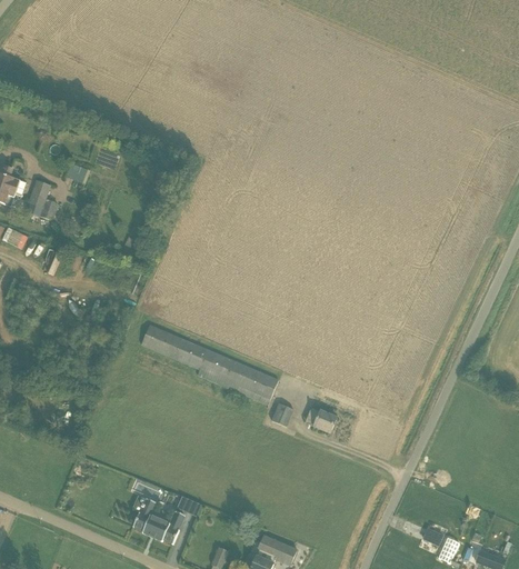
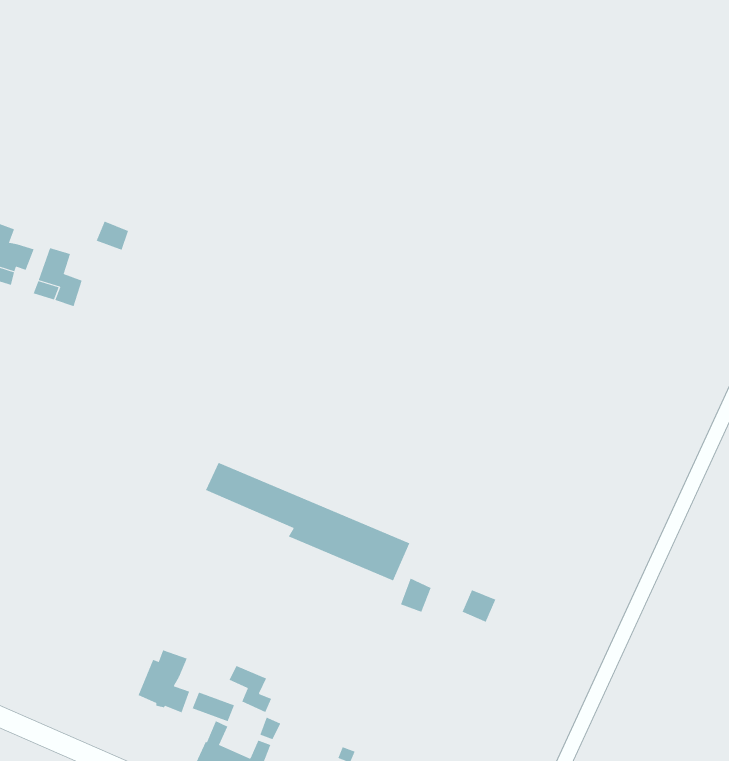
building: none -> [138,650,190,713]
building: none -> [229,665,272,713]

